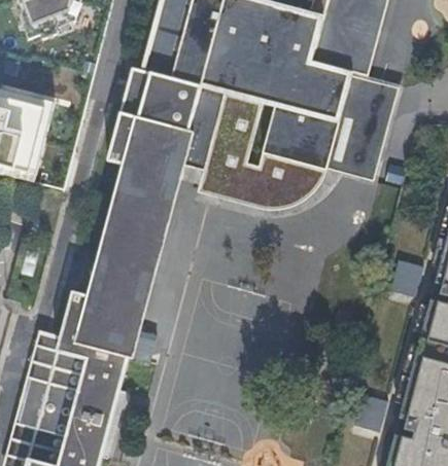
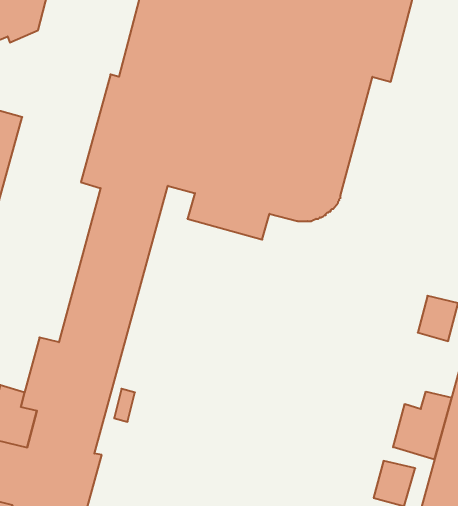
building: [196,68,404,213] -> none
building: none -> [393,392,452,459]

